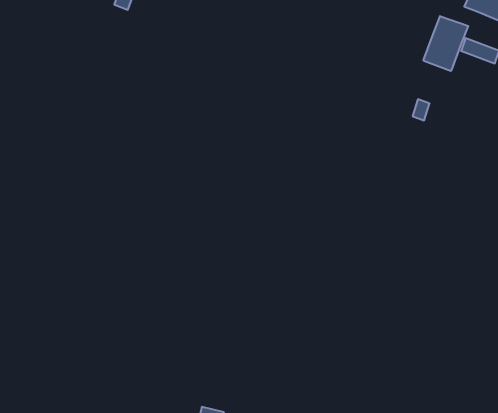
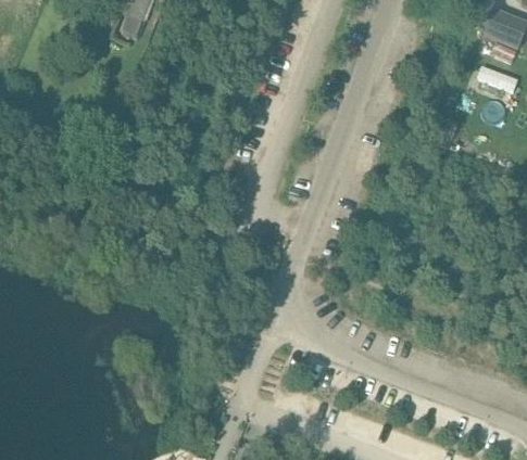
building: [423,16,468,71] -> none

